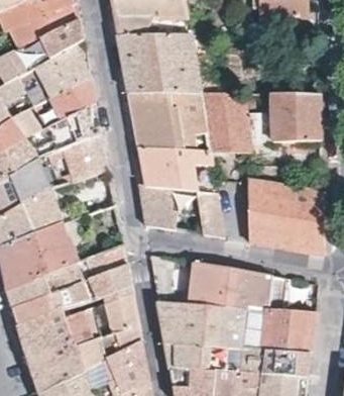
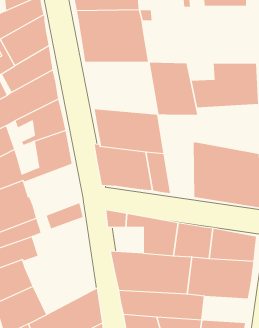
building: [127,93,208,151] -> none
building: [70,264,130,306] -> none
building: [62,294,141,371] -> none
building: [256,351,308,380] -> none

